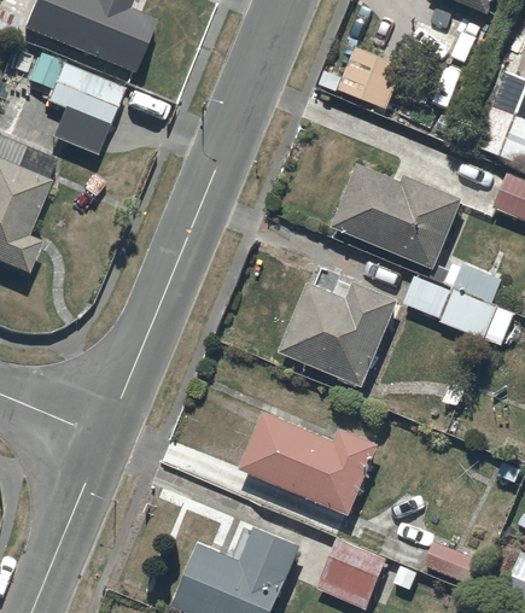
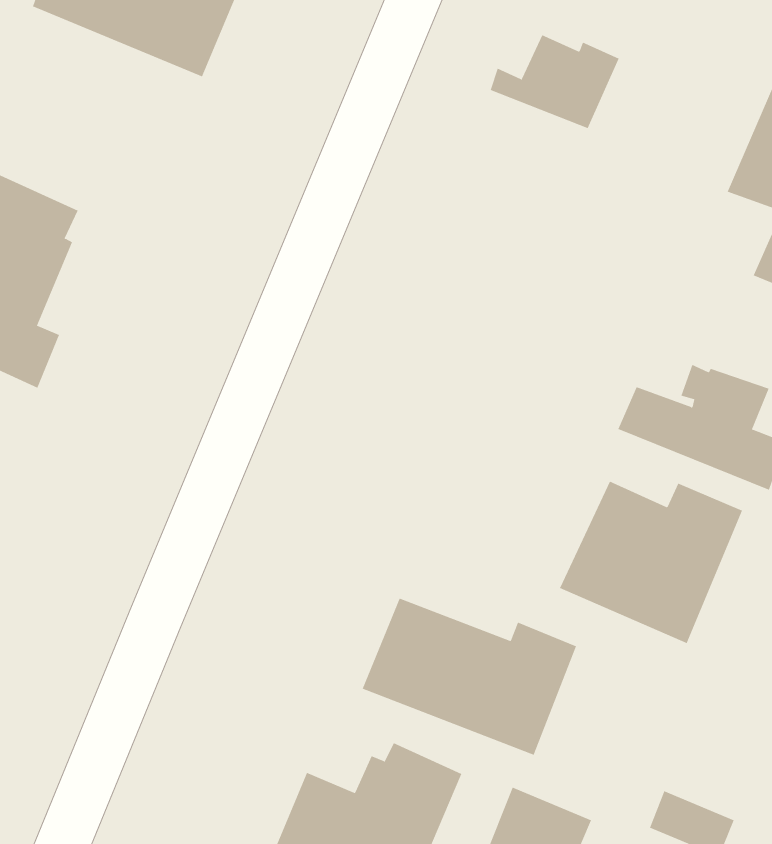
building: [28,52,121,157] -> none
building: [332,164,462,270] -> none
building: [278,281,397,387] -> [559,481,743,644]

